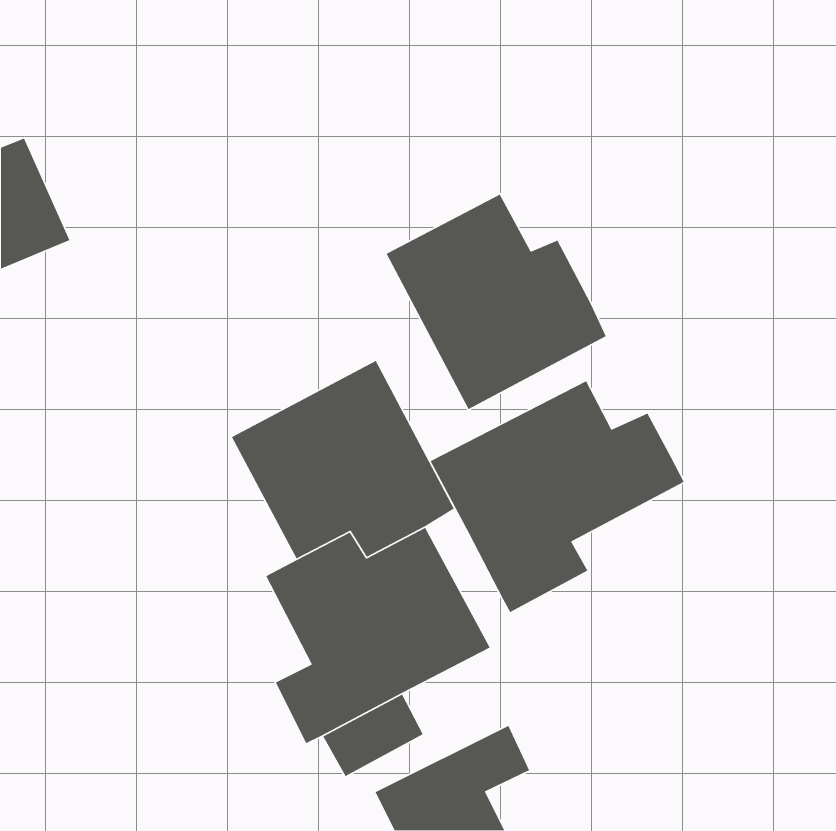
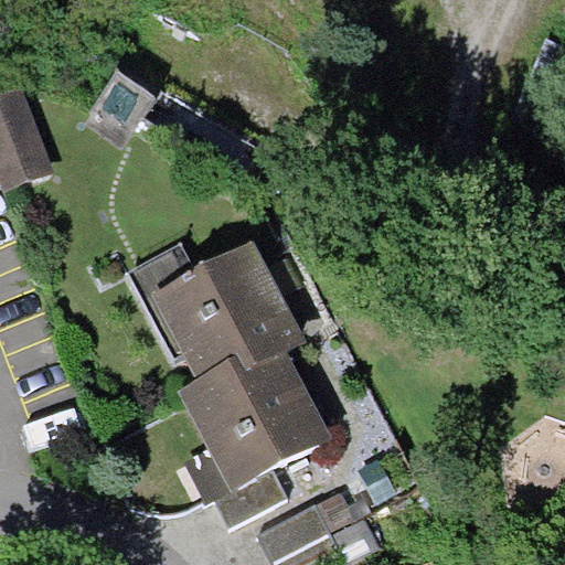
building: [385,193,607,410] -> none
building: [430,380,685,613] -> none

